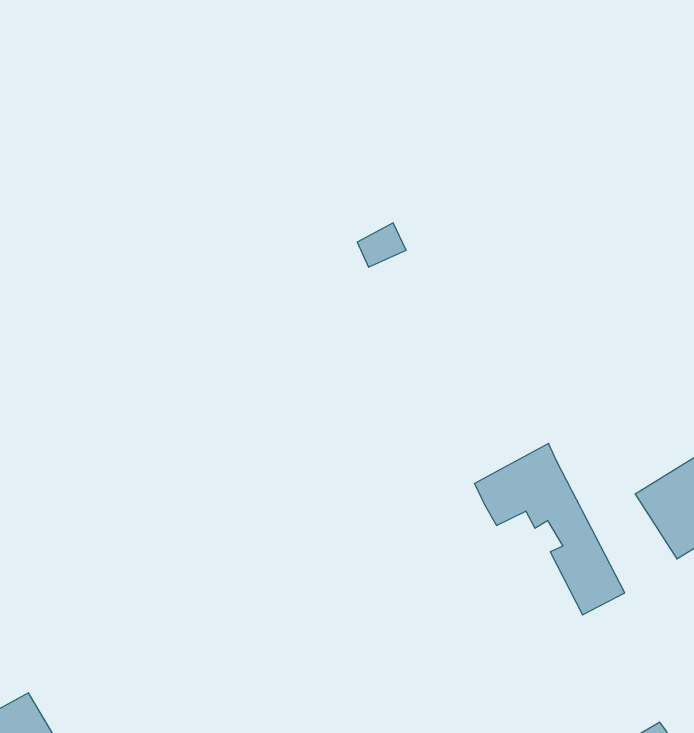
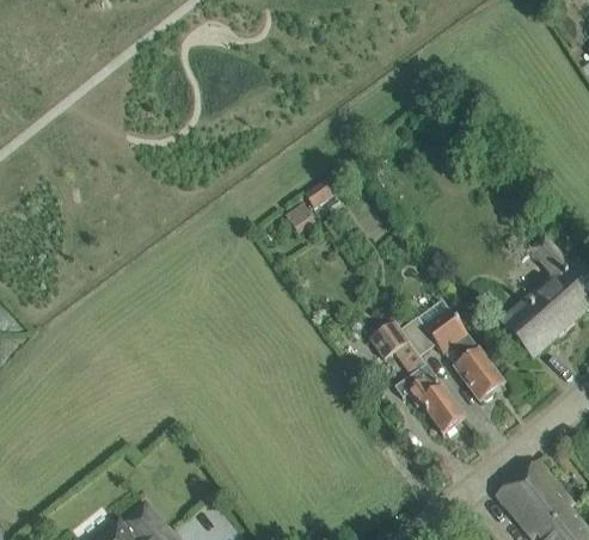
building: none -> [369,323,409,361]
building: none -> [395,366,465,435]

